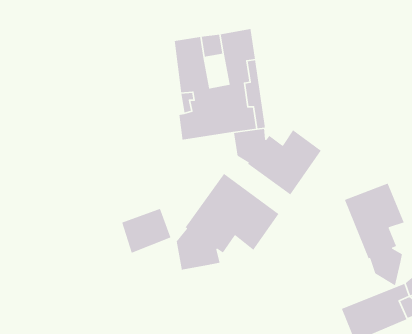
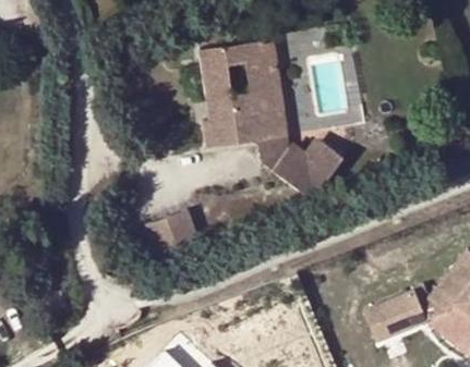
building: [176,173,280,270] -> none
building: [344,183,405,287] -> none

